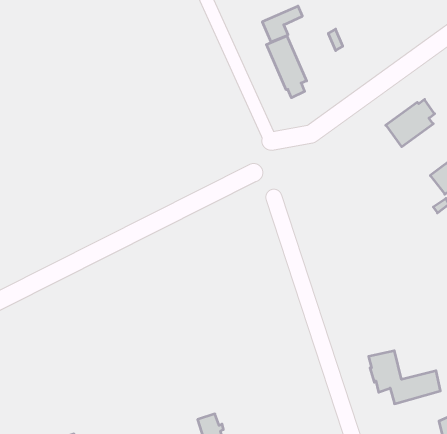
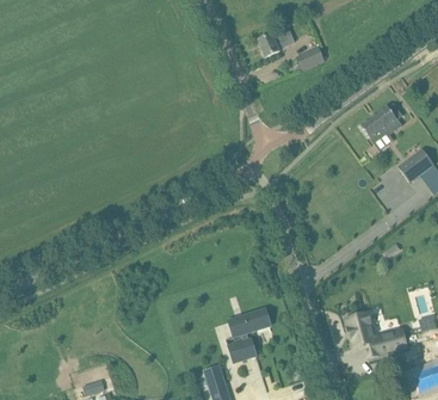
building: [266,36,307,98] -> none
building: none -> [228,307,271,362]

